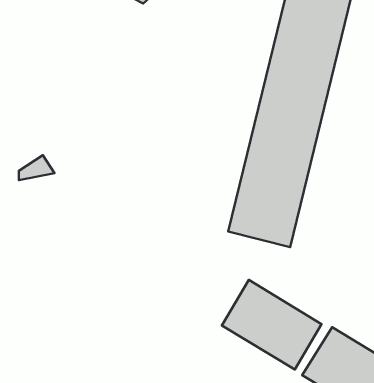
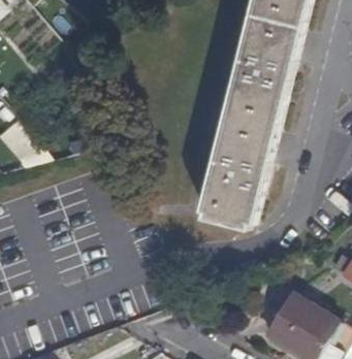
building: [222,280,322,370] -> none

